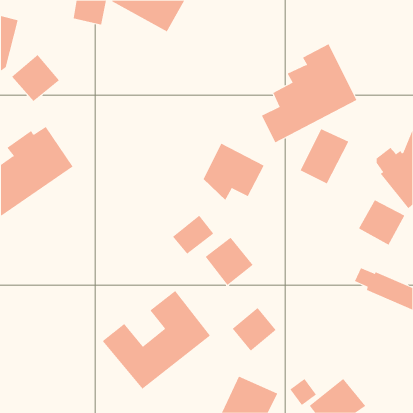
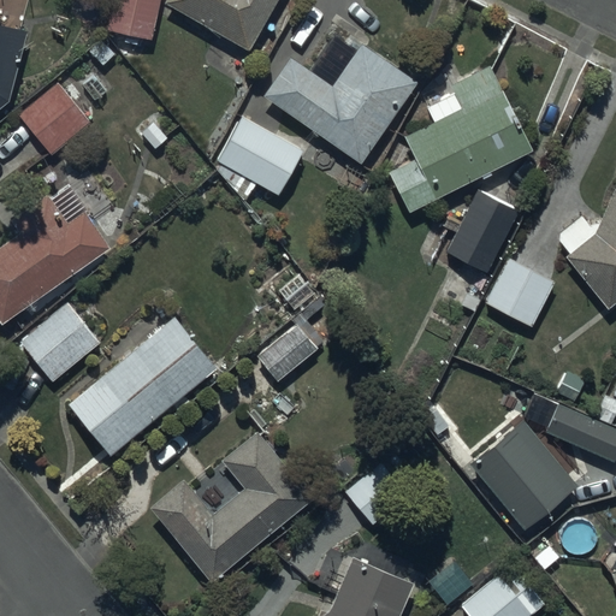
building: none -> [265,37,420,162]
building: [203,143,264,201] -> [212,113,303,200]
building: [358,199,405,246] -> [484,259,553,327]
building: none -> [20,302,100,380]
building: none -> [69,319,215,456]
building: [205,237,254,286] -> none
building: none -> [472,421,578,531]

